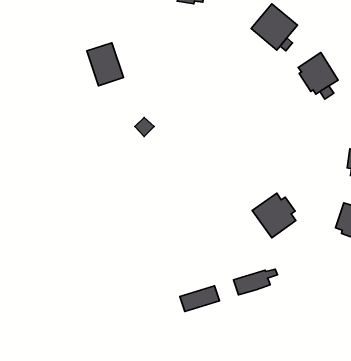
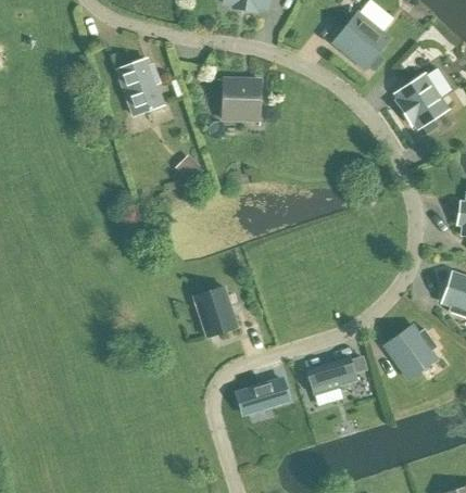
building: none -> [223,76,263,122]
building: [252,193,296,238] -> [382,321,440,380]
building: none -> [192,286,236,334]

